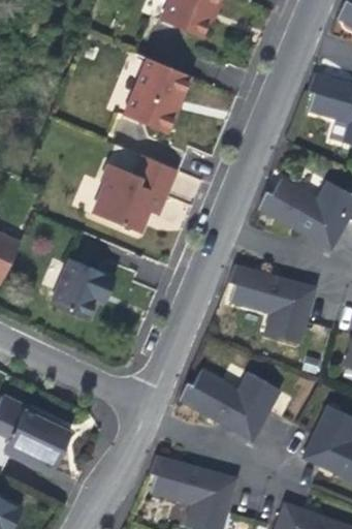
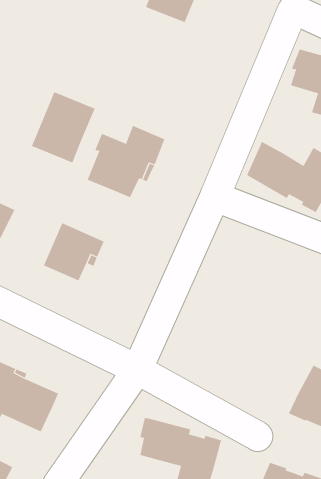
building: [123,58,190,132] -> [31,92,96,163]
building: [229,266,315,345] -> none
building: [182,364,283,435] -> none

